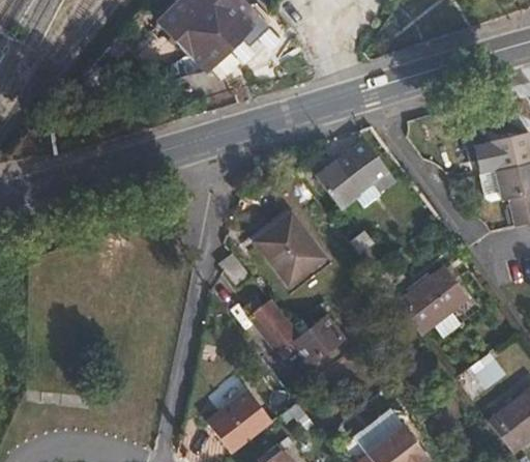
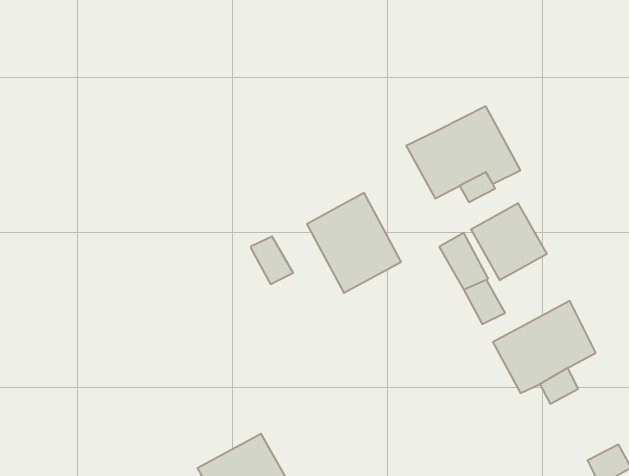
building: none -> [471,203,547,280]
building: [242,296,345,365] -> none

